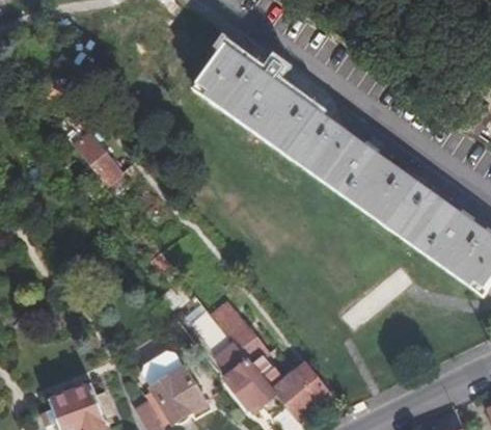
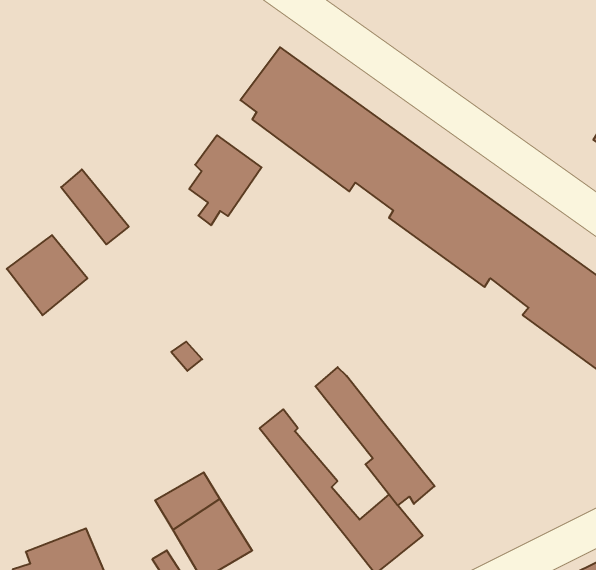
building: none -> [189,135,262,225]
building: none -> [7,235,87,315]
building: [192,310,276,407] -> [315,367,435,505]

